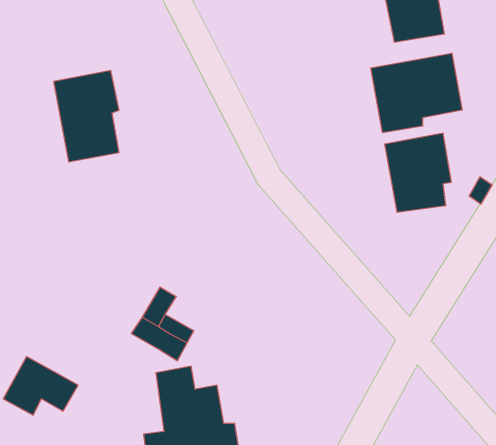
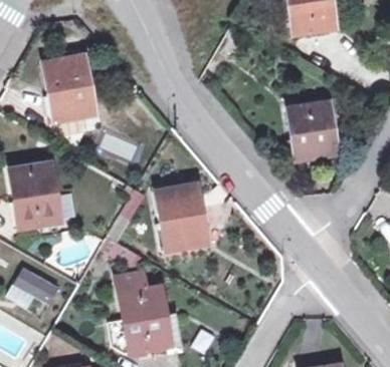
building: [371,53,462,133] -> none
building: none -> [10,162,57,229]
building: none -> [156,183,204,251]

